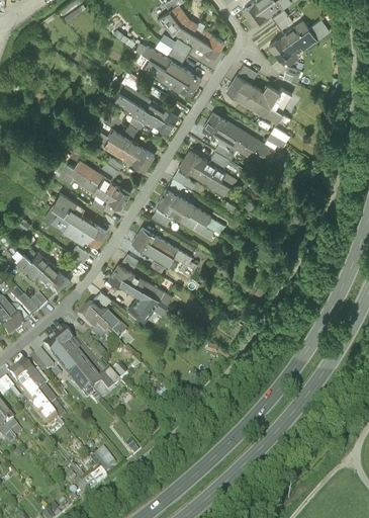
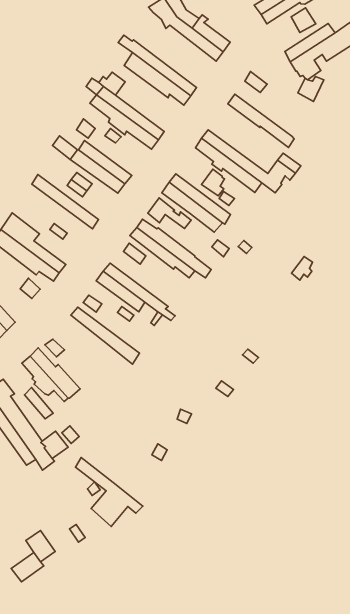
building: [160,38,193,62] -> none
building: [233,75,292,113] -> none
building: [57,161,126,207] -> none
building: [110,271,167,325] -> [75,458,143,526]

